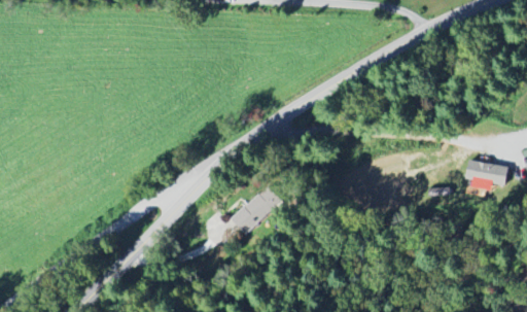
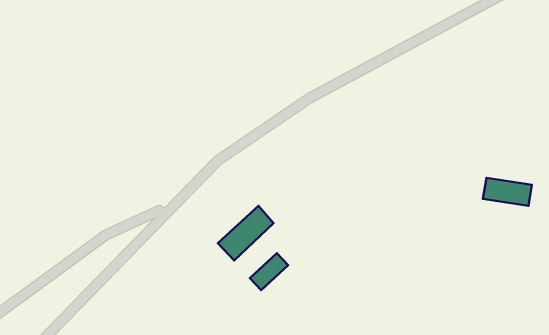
building: none -> [250,253,288,290]

